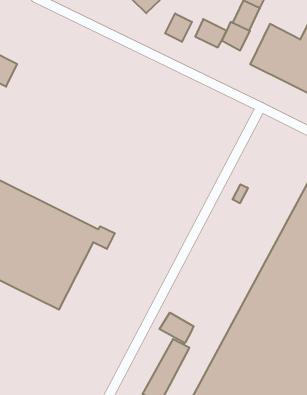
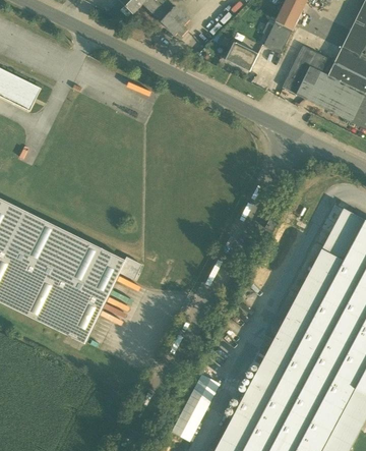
building: [165,13,192,42] -> none
building: [159,313,194,343] -> none

